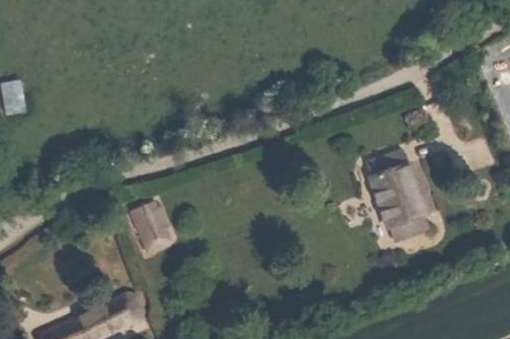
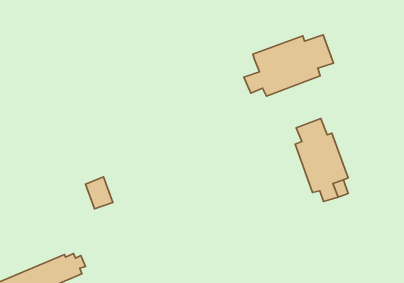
building: none -> [244,35,333,96]

